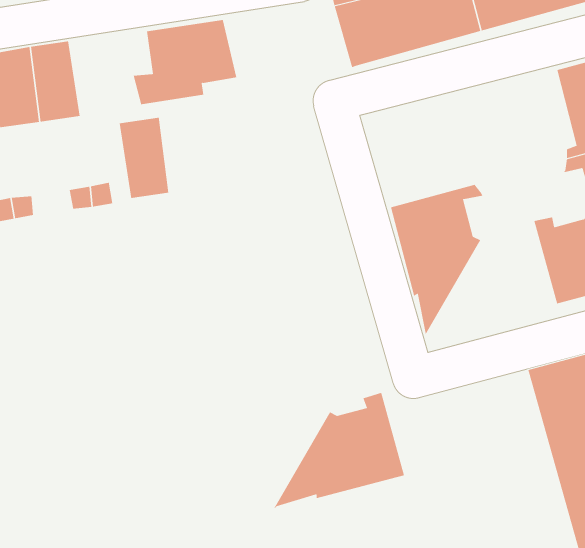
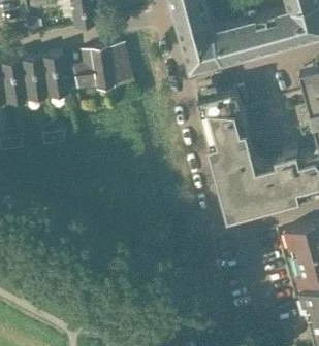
building: none -> [198,89,257,145]
building: [119,117,169,199] -> [40,54,67,97]
building: [273,392,405,508] -> [230,152,300,214]

